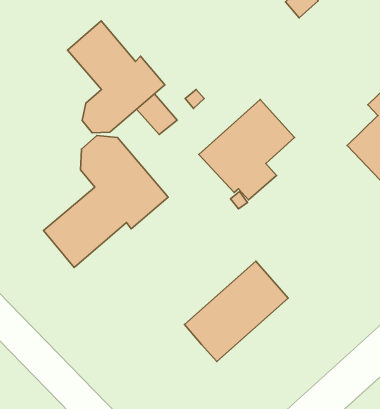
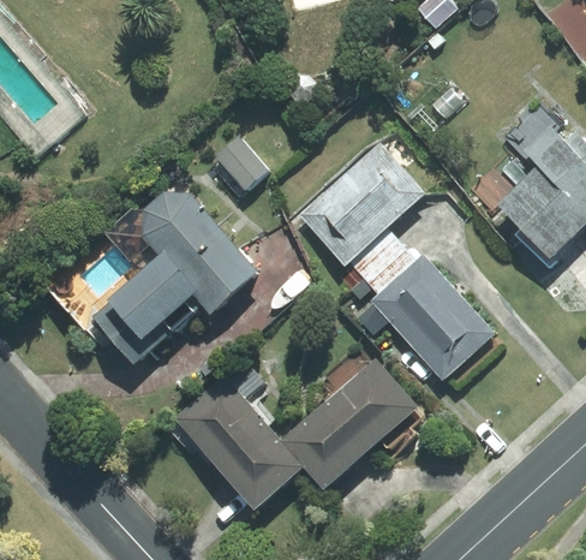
building: [67,21,165,133] -> none
building: none -> [364,243,496,380]
building: none -> [171,363,301,511]

